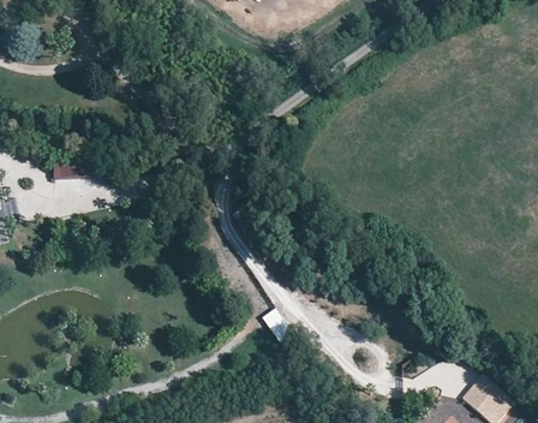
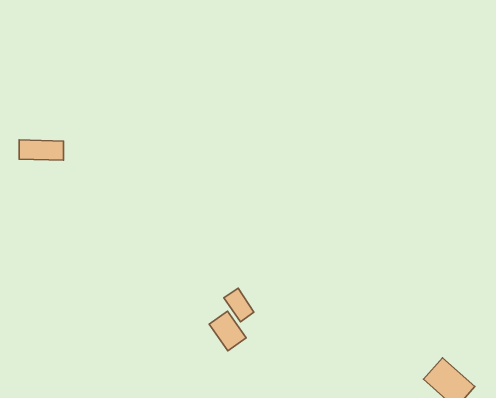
building: none -> [209,311,246,351]

